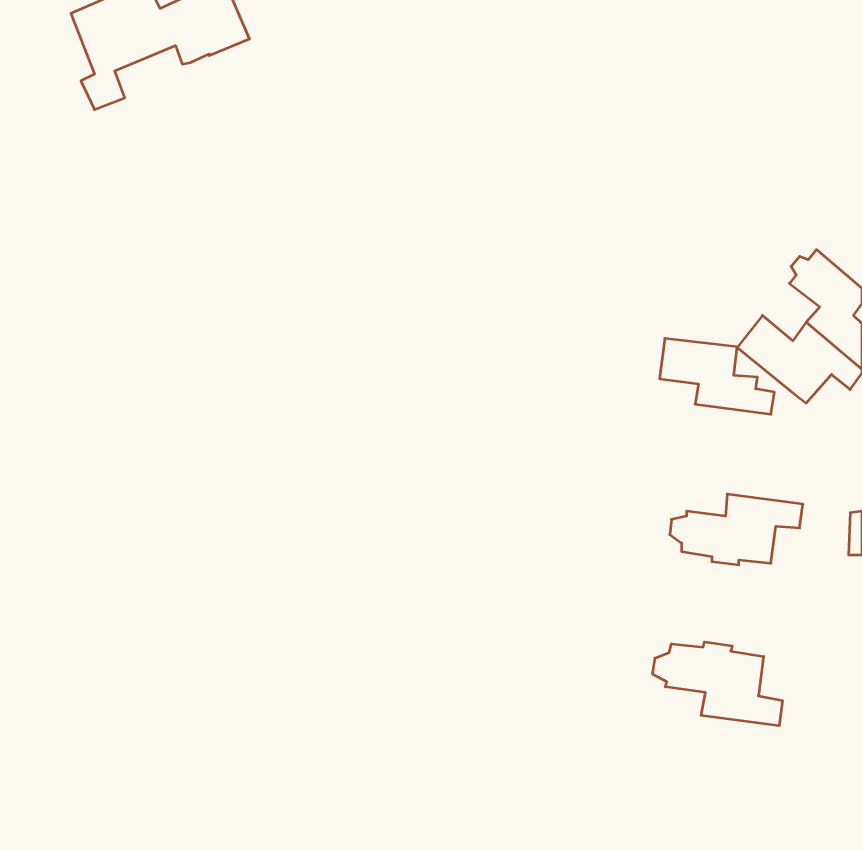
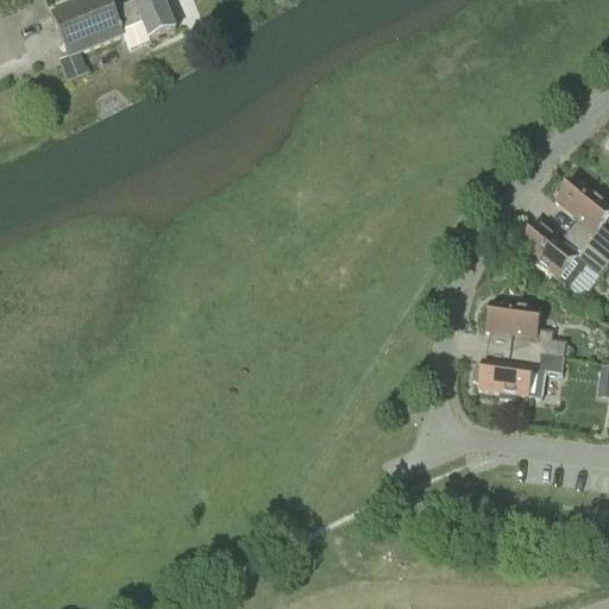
building: [660,338,774,414] -> [488,302,569,356]
building: [653,642,782,726] -> none

